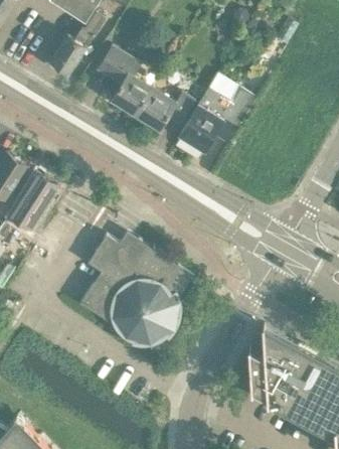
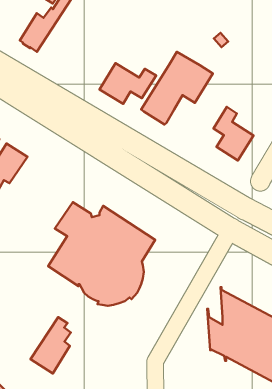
building: [98,47,150,116] -> none
building: none -> [214,107,254,160]
building: none -> [31,317,71,373]

